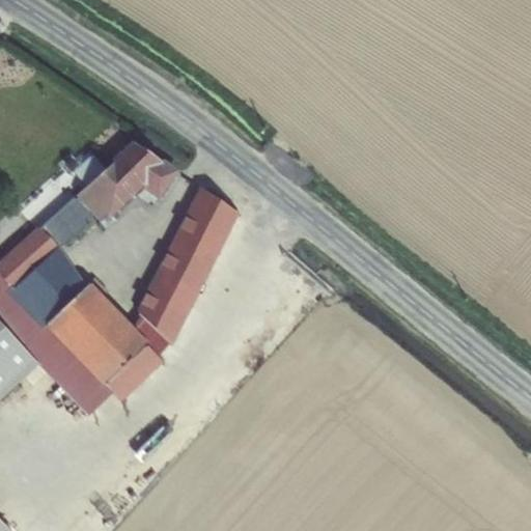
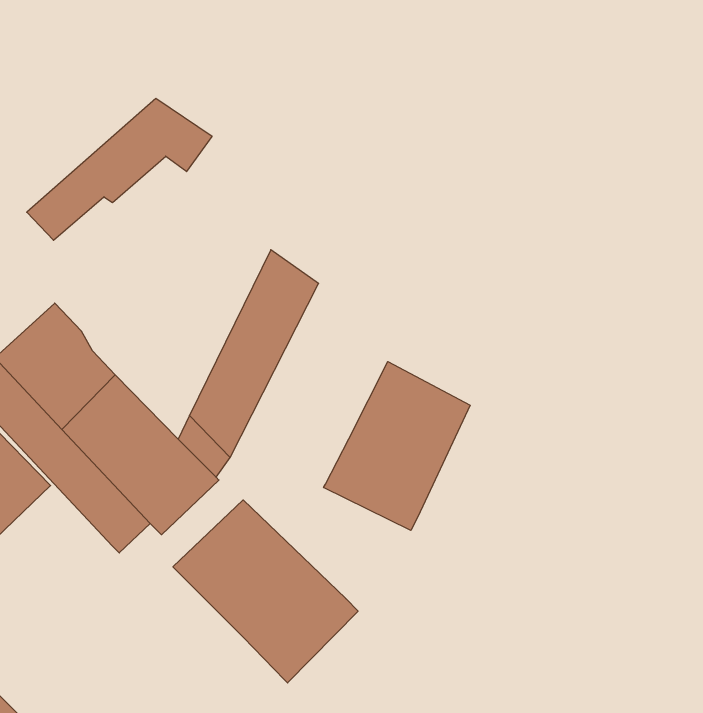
building: [40,143,177,248] -> [27,99,212,240]
building: none -> [324,362,470,530]
building: none -> [173,500,358,683]

